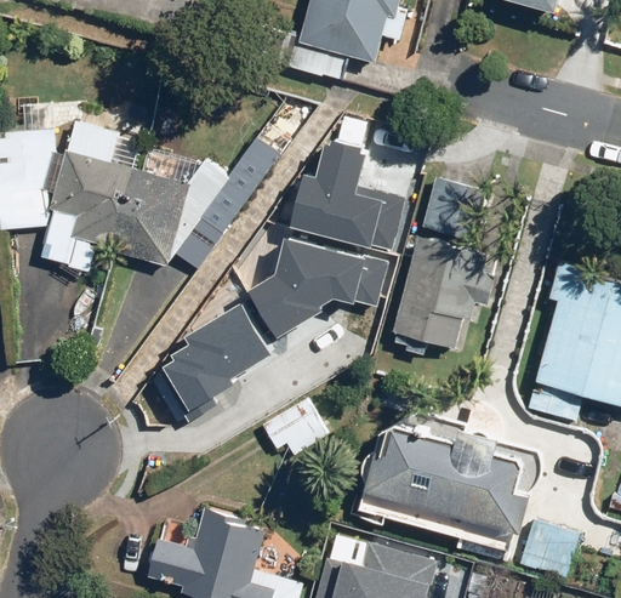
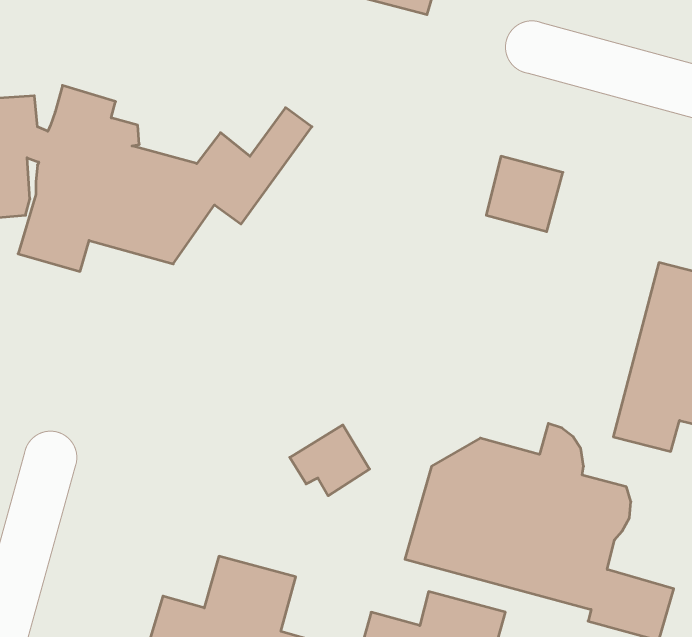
building: [298,144,404,240] -> none
building: [253,234,387,329] -> none
building: [384,234,495,364] -> none
building: [164,296,278,415] -> none

